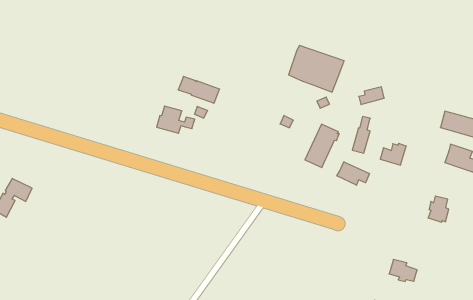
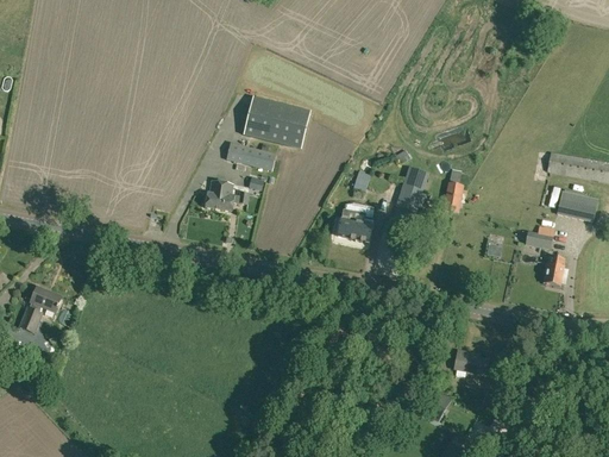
building: [289,45,344,92] -> [244,95,309,148]
building: none -> [339,208,372,238]
building: [380,143,406,165] -> [526,221,555,248]
building: [337,162,370,185] -> none
building: [389,259,417,281] -> [454,349,488,374]

